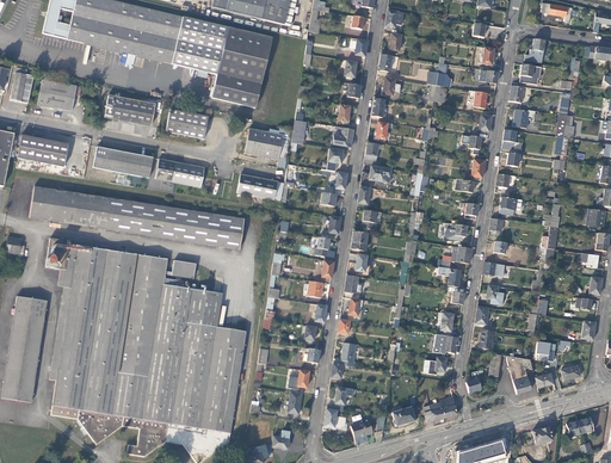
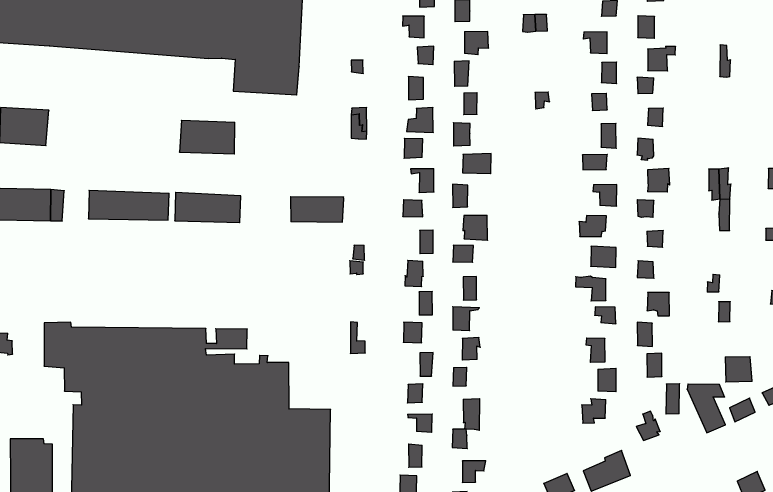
building: [105,97,155,126] -> none
building: [245,126,290,166] -> none
building: [29,189,243,251] -> none
building: [11,302,47,328] -> none

